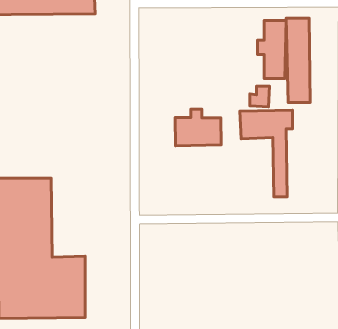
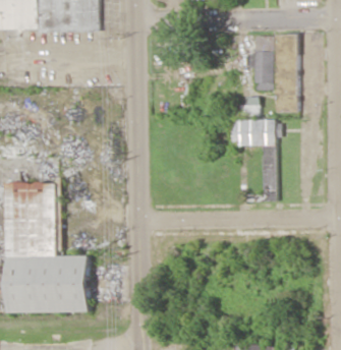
building: [175,109,221,146] -> none

